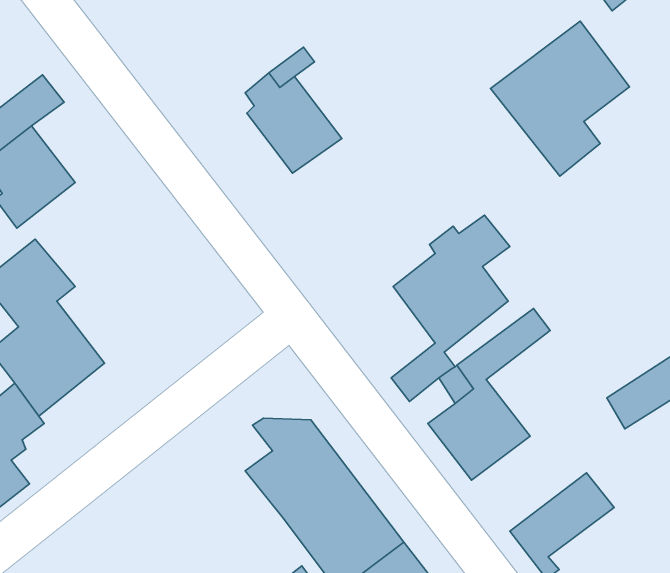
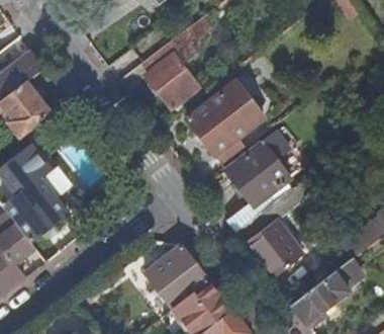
building: [491,21,629,176] -> [186,82,263,168]

